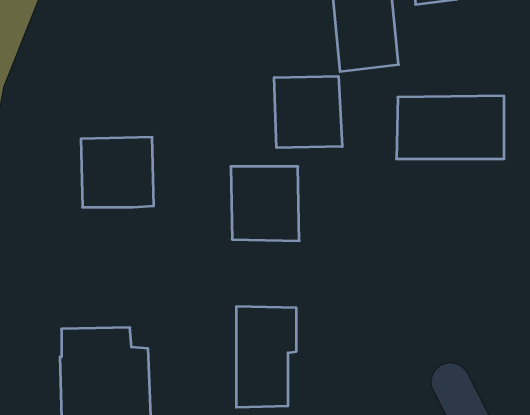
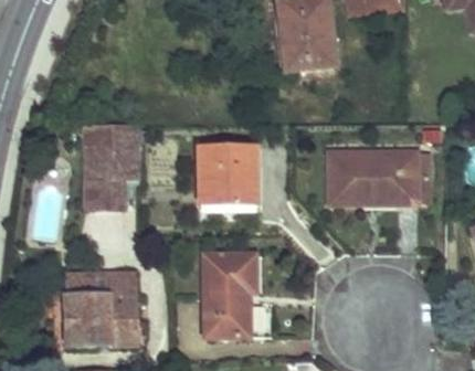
building: [274,76,342,148] -> none
building: [396,96,504,159] -> [331,150,416,200]
building: none -> [85,178,126,205]

